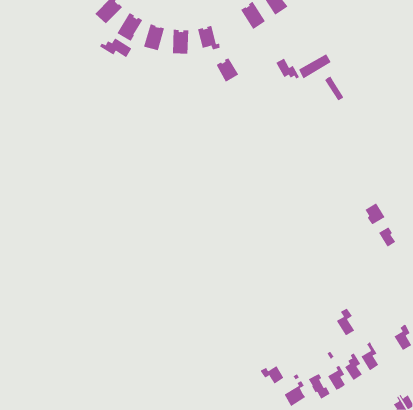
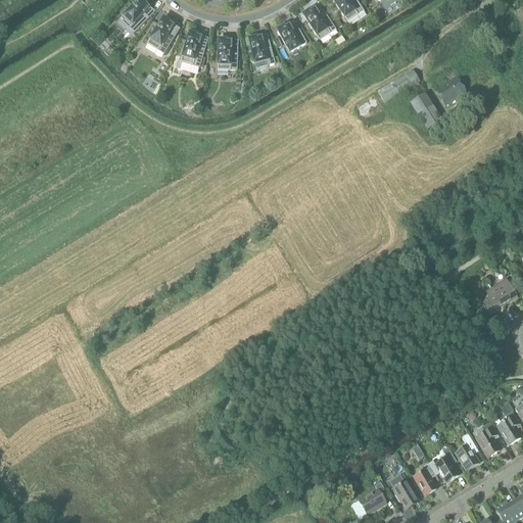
building: [99,38,132,58] -> none
building: [216,57,239,82] -> [278,18,307,50]
building: [275,58,300,80] -> none
building: none -> [435,75,466,103]
building: [364,202,385,225] -> [491,277,518,305]
building: [336,308,355,336] -> [476,420,501,456]
building: [260,365,284,384] -> none

